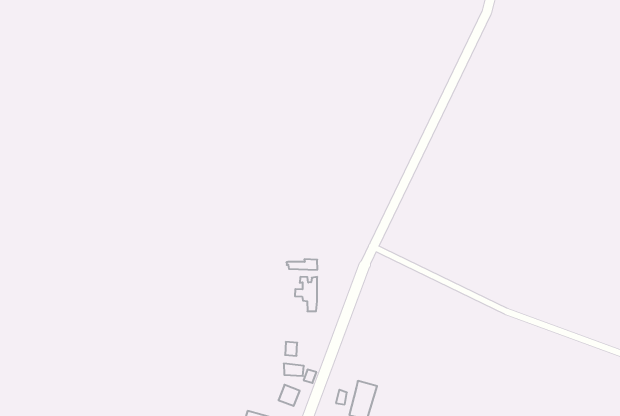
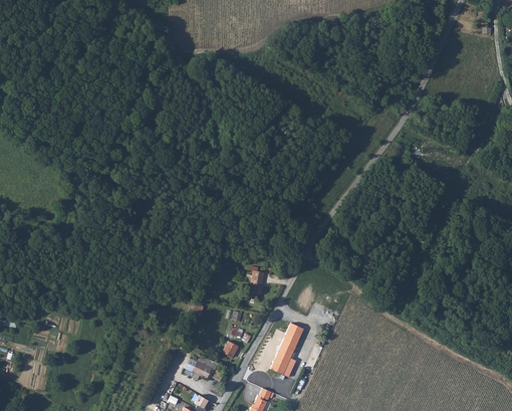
building: none -> [280,324,303,353]

